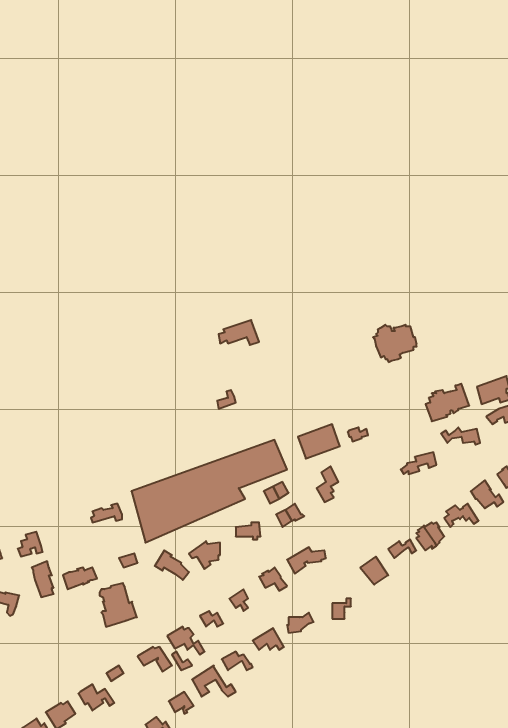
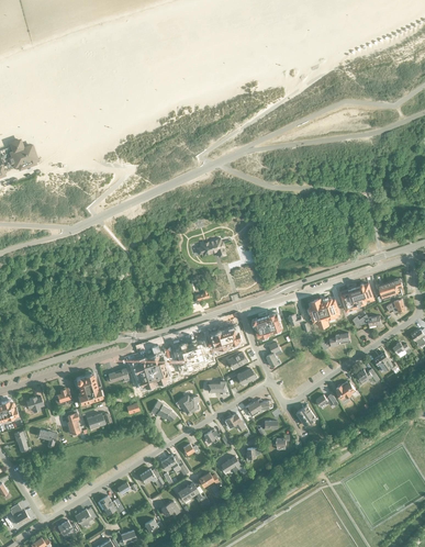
building: [373,325,417,362] -> [307,299,338,325]
building: [100,583,137,627] -> [76,373,102,404]

